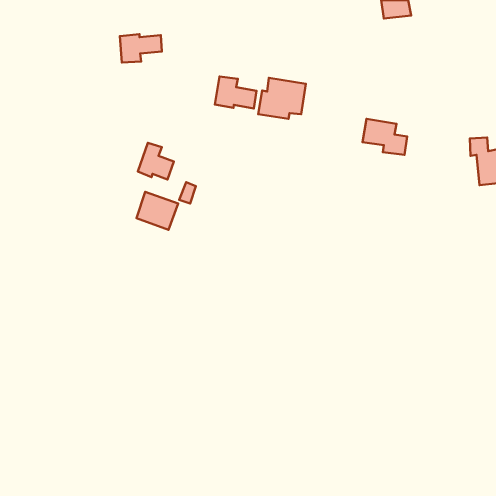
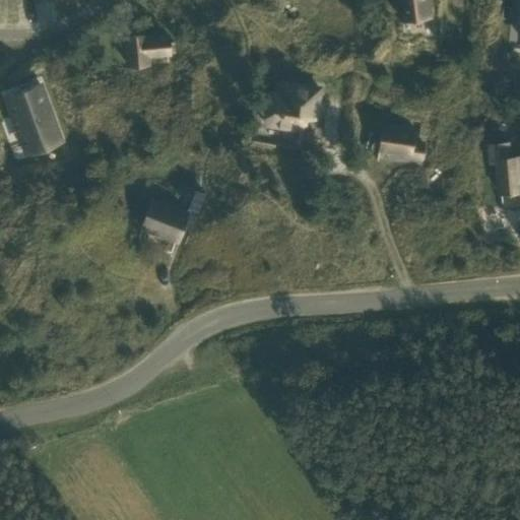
building: [215,76,257,108] -> none
building: none -> [8,85,62,154]
building: [138,143,174,180] -> none

